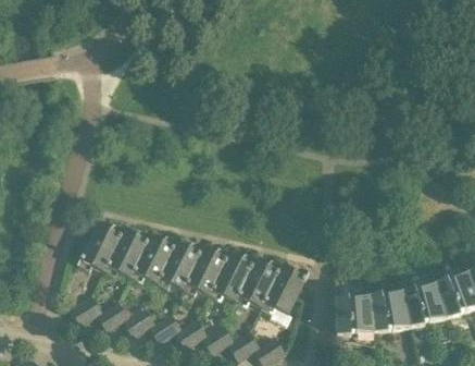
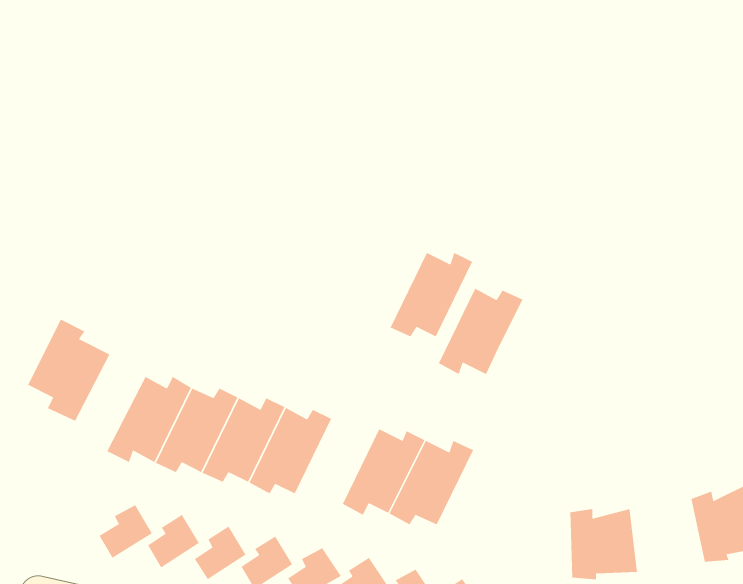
building: none -> [27,318,110,422]
building: [182,245,228,293] -> [389,252,473,337]
building: [261,263,309,312] -> [438,288,523,375]
building: [368,290,410,331] -> none

